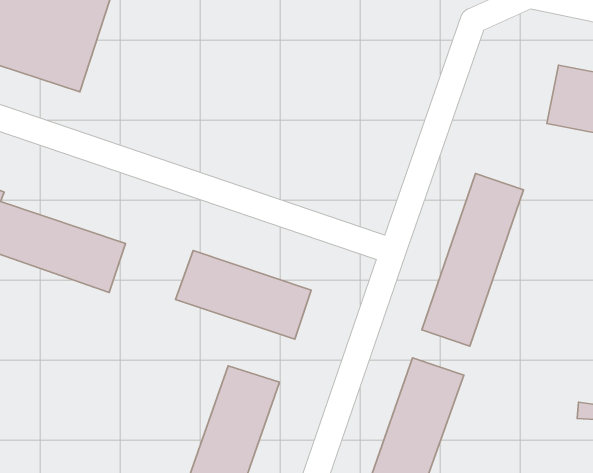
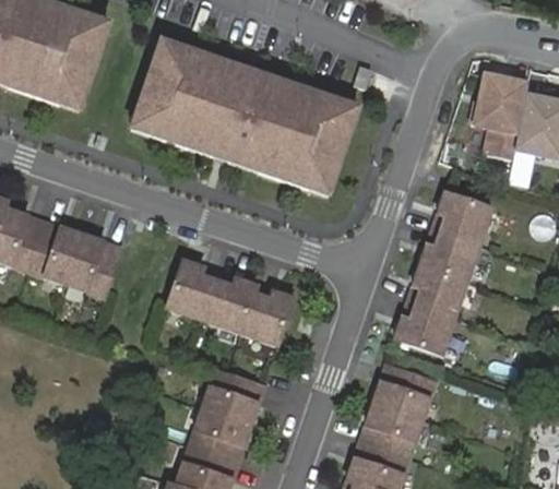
building: none -> [131,41,357,192]
building: none -> [471,68,526,152]

